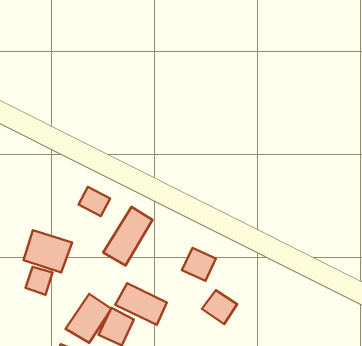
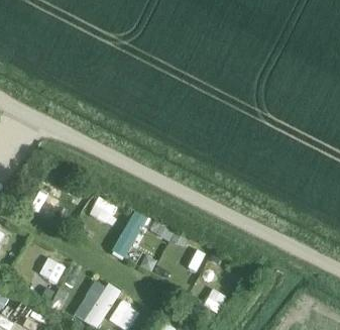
building: [24,230,72,273] -> none
building: [115,283,167,325] -> none

